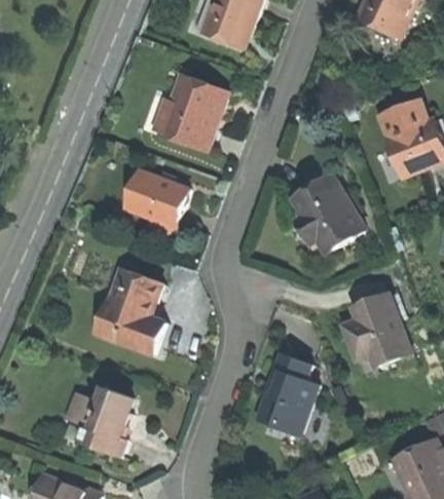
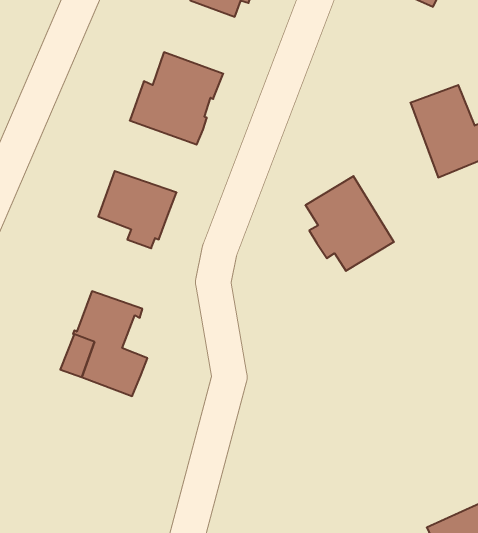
building: [344,293,412,364] -> none
building: [259,354,318,429] -> none
building: [70,386,133,456] -> none

